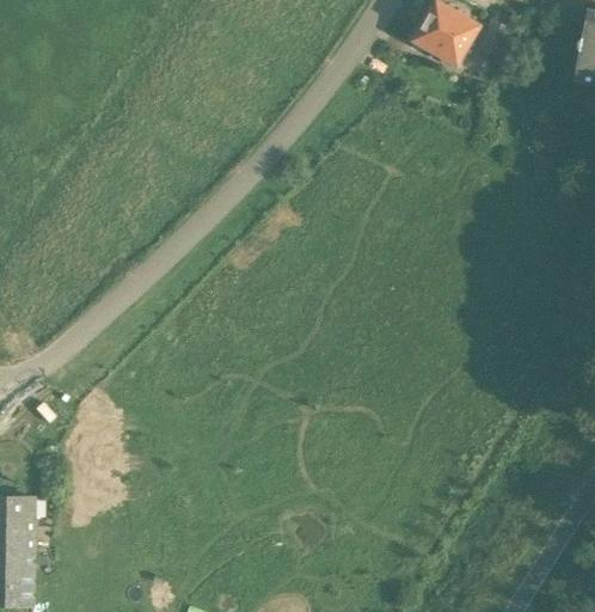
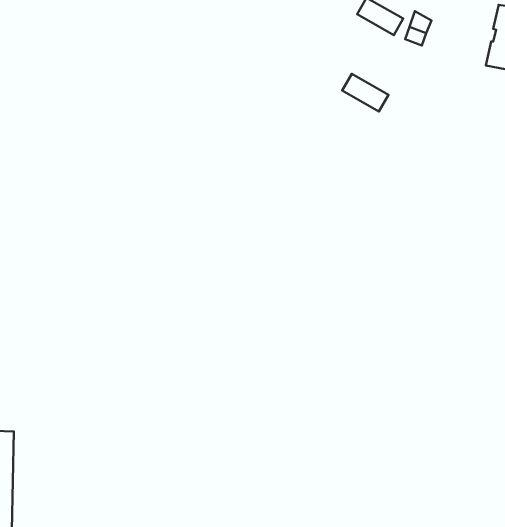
building: [415,19,467,62] -> [342,74,388,112]

